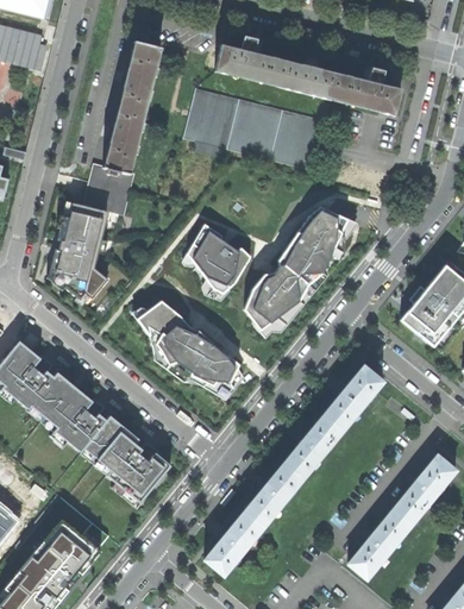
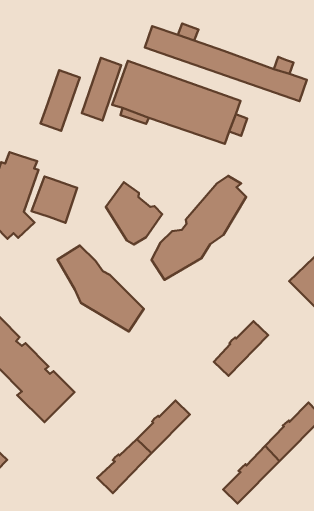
building: [120,42,159,112] -> [82,58,121,120]
building: [84,165,133,215] -> [32,176,77,223]
building: [286,417,343,479] -> none

